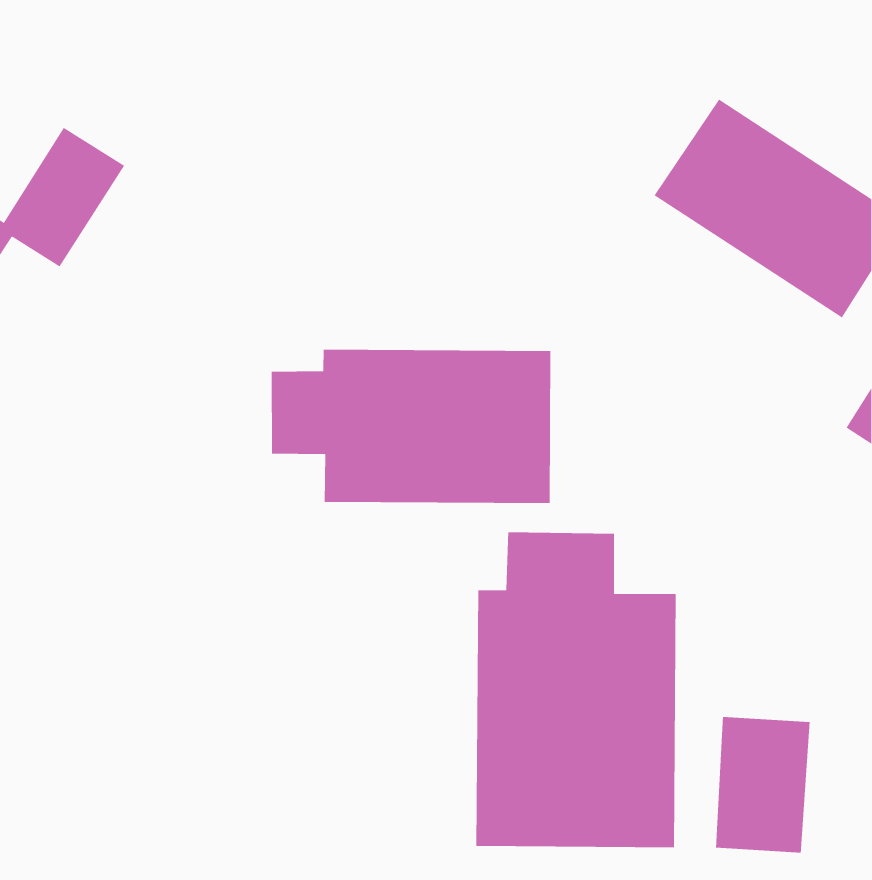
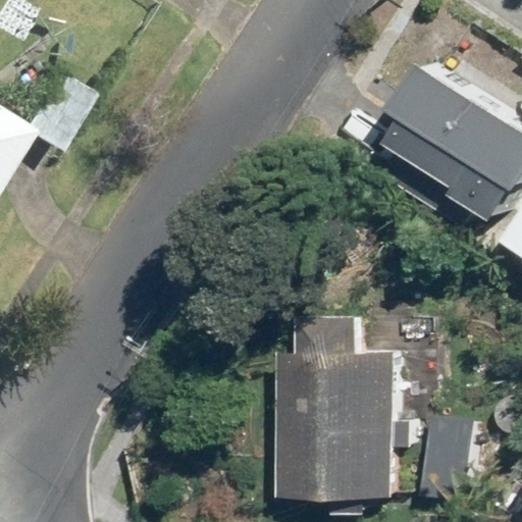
building: [271,349,551,504] -> none

